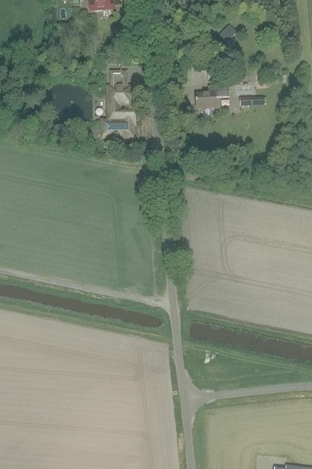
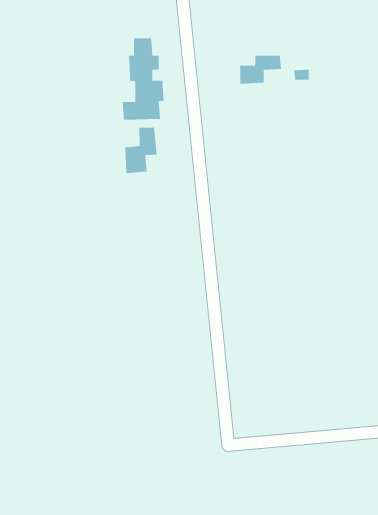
building: none -> [125,127,157,174]

